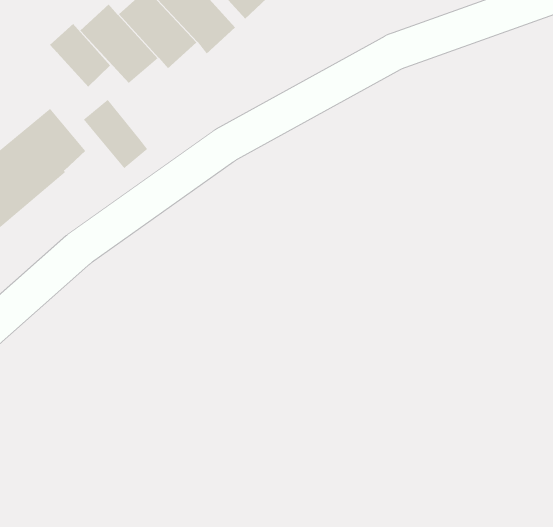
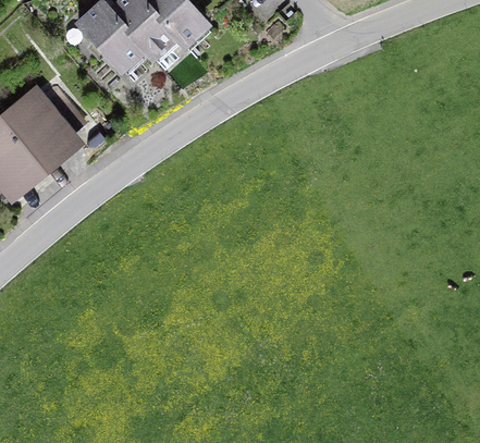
building: [49,23,111,87] -> none
building: [83,99,148,169] -> none

